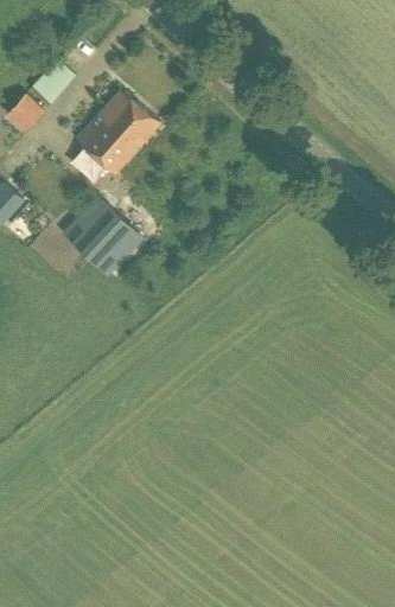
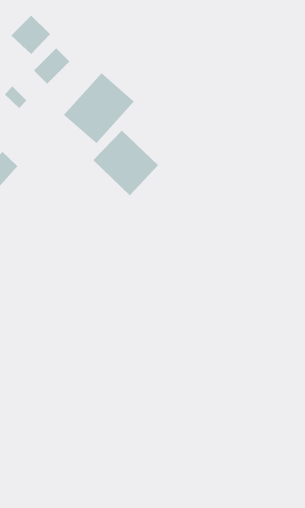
building: none -> [11,15,51,55]
building: [63,197,141,275] -> [93,130,159,196]

